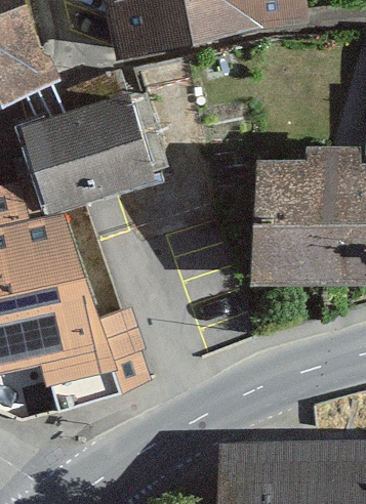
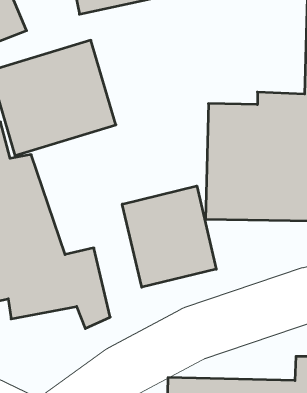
building: none -> [122,186,216,287]

